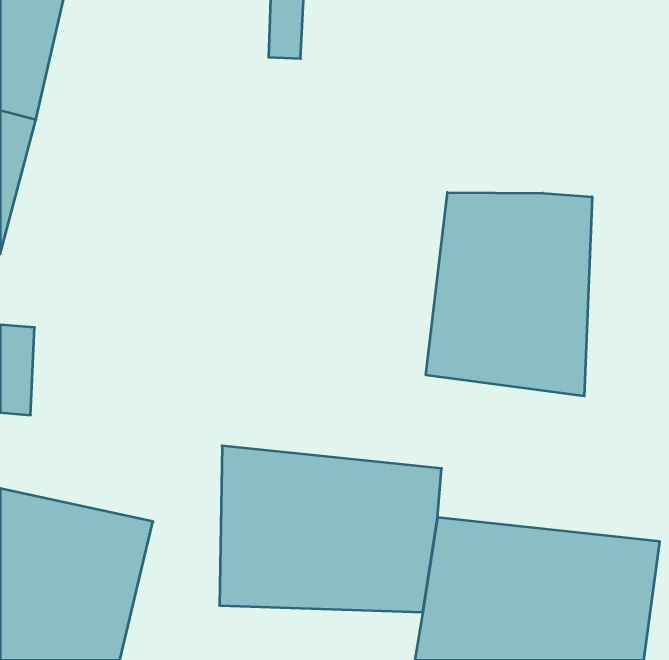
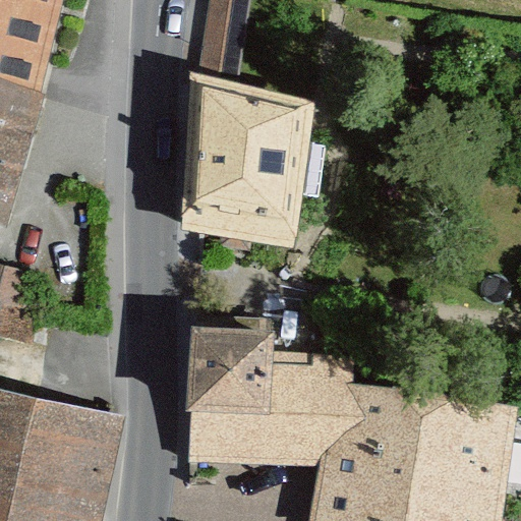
building: none -> [184,83,305,256]
building: [426,192,592,396] -> none

